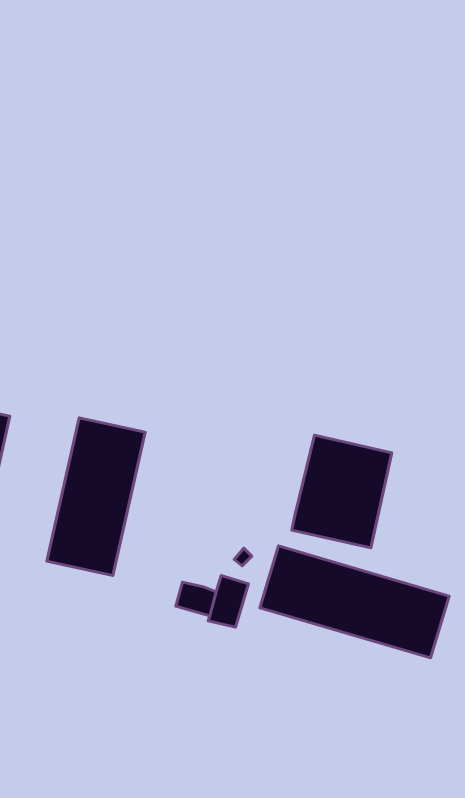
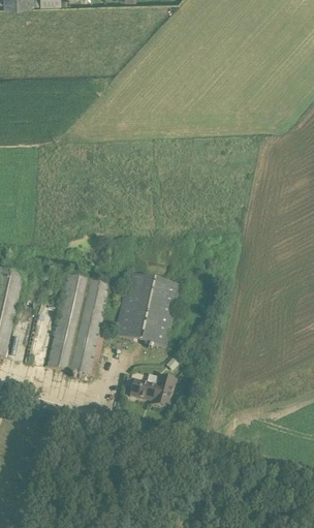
building: [292,435,392,548] -> [114,273,178,345]
building: [260,546,449,658] -> none

